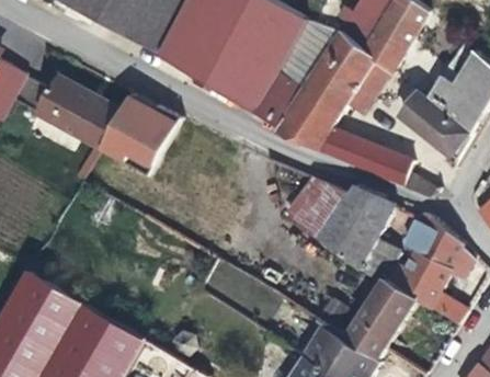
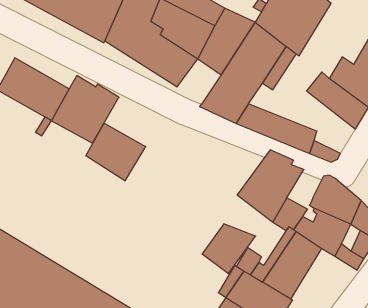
building: [248,77,299,128] -> none
building: none -> [86,123,146,181]
building: [287,178,350,236] -> [202,224,256,274]

